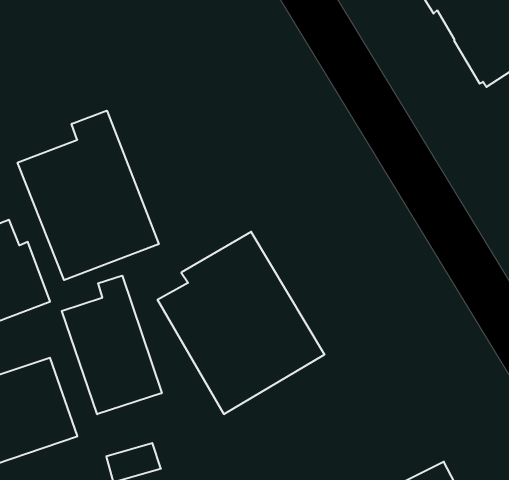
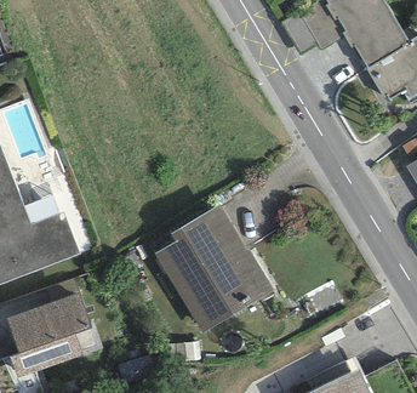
building: [18,111,159,280] -> none
building: [62,276,162,414] -> none

